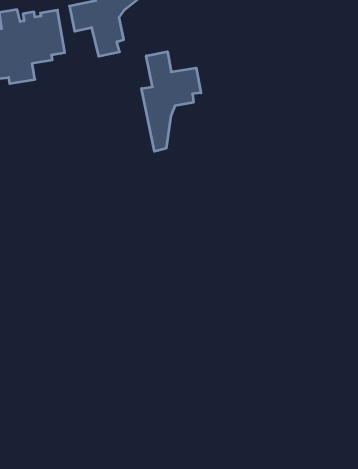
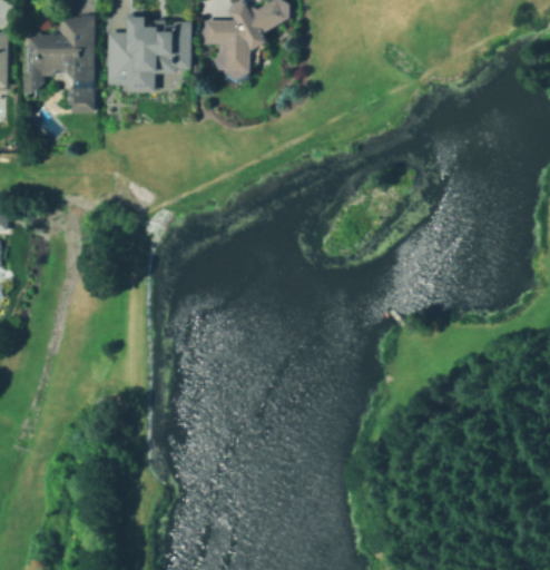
building: [142,52,201,151] -> none

